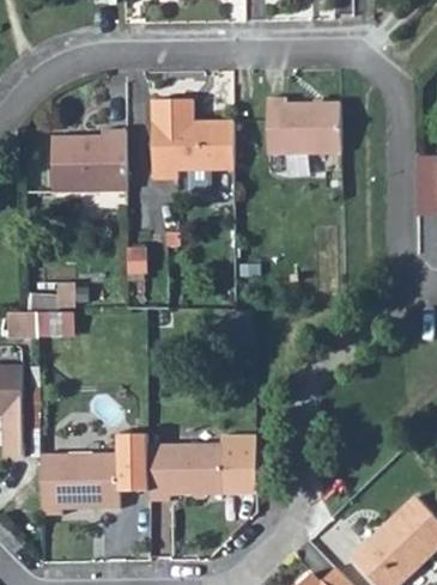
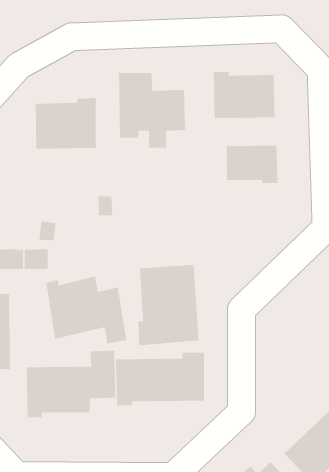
building: none -> [226,145,278,184]
building: none -> [138,264,199,346]
building: none -> [46,275,127,345]

